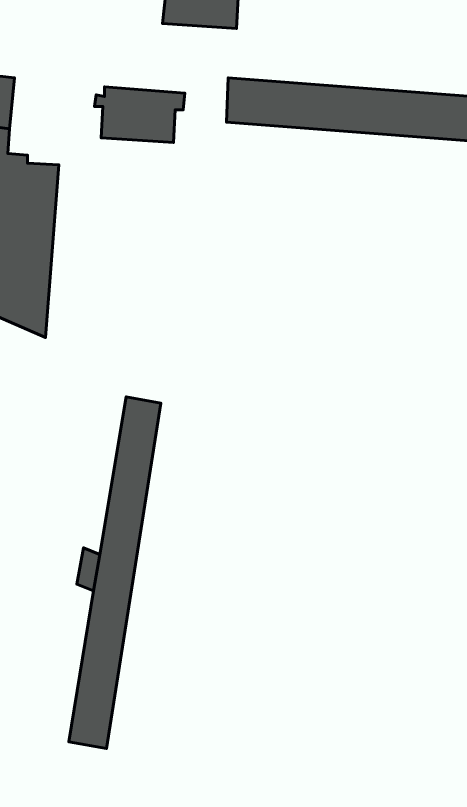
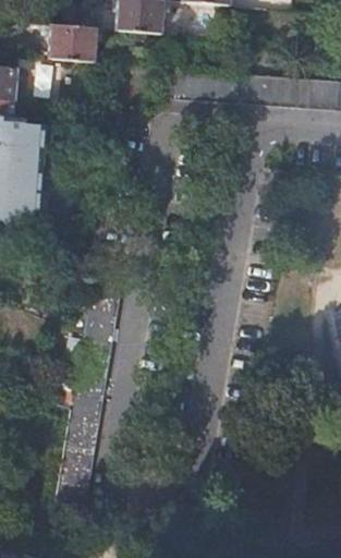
building: [95,87,185,143] -> [47,24,107,61]

